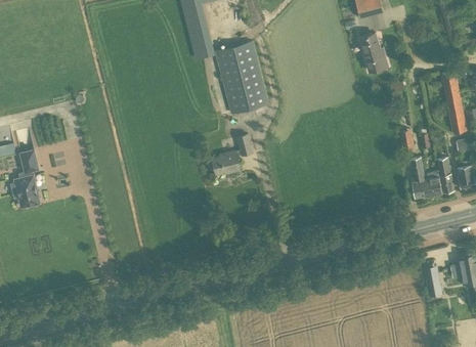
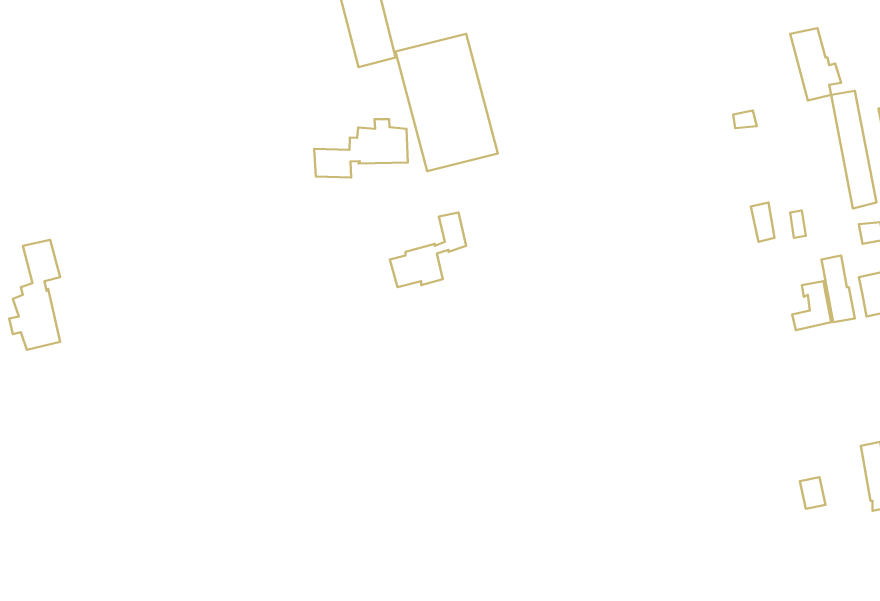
building: [361,37,388,75] -> [790,28,841,101]
building: none -> [314,119,408,177]
building: [410,158,431,199] -> none

